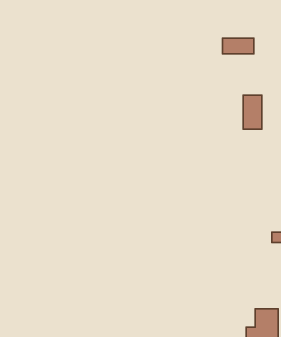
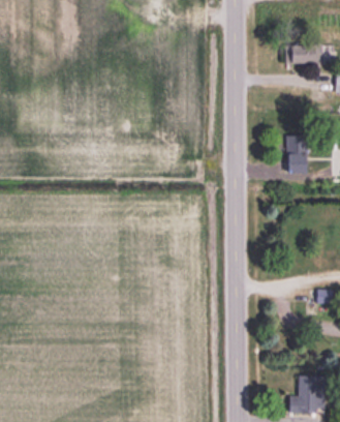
building: [222,38,254,54] -> [286,47,321,64]

